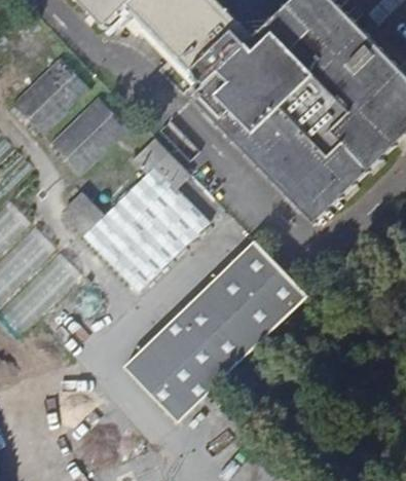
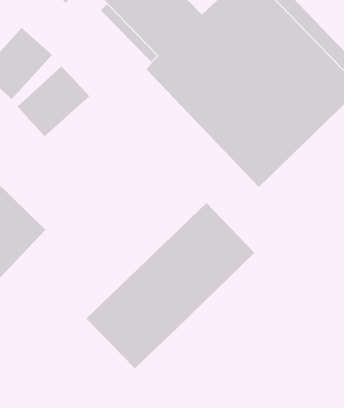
building: [62,152,209,288] -> none

